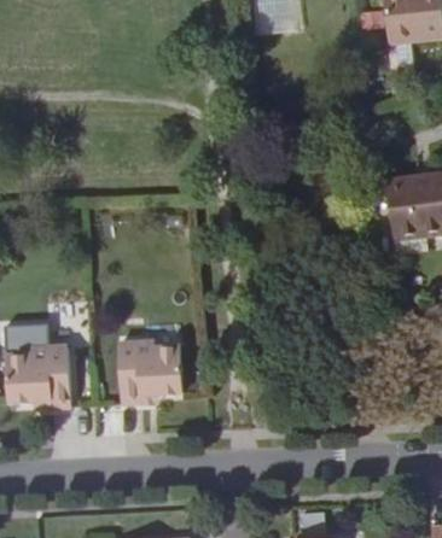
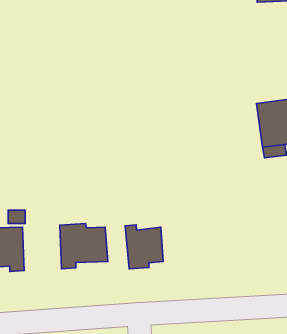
building: none -> [125,225,163,269]

